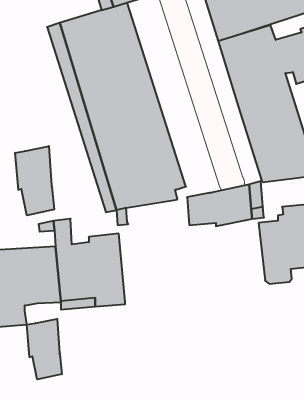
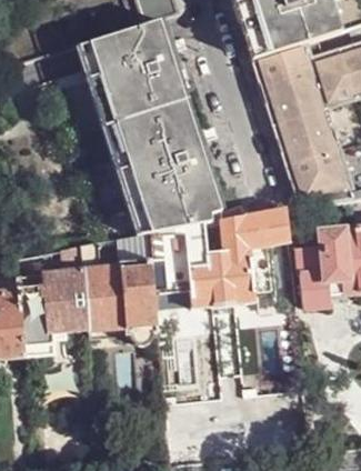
building: [15,146,54,215] -> none
building: none -> [158,244,258,308]
building: [27,319,62,379] -> none

